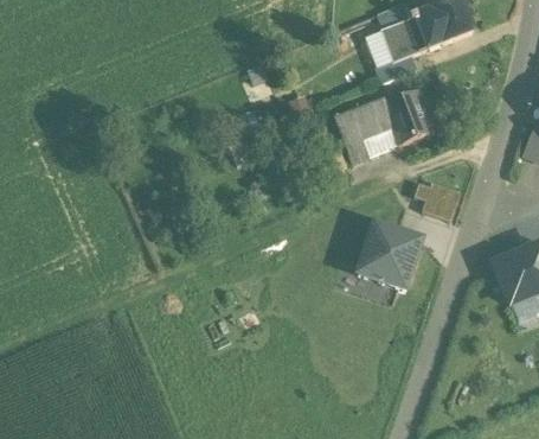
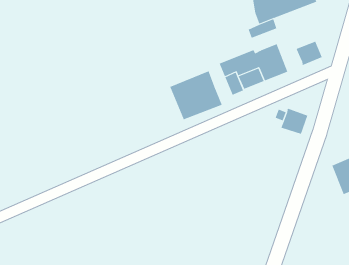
building: none -> [296,41,322,66]
building: none -> [169,71,222,120]
building: [358,225,419,288] -> none

